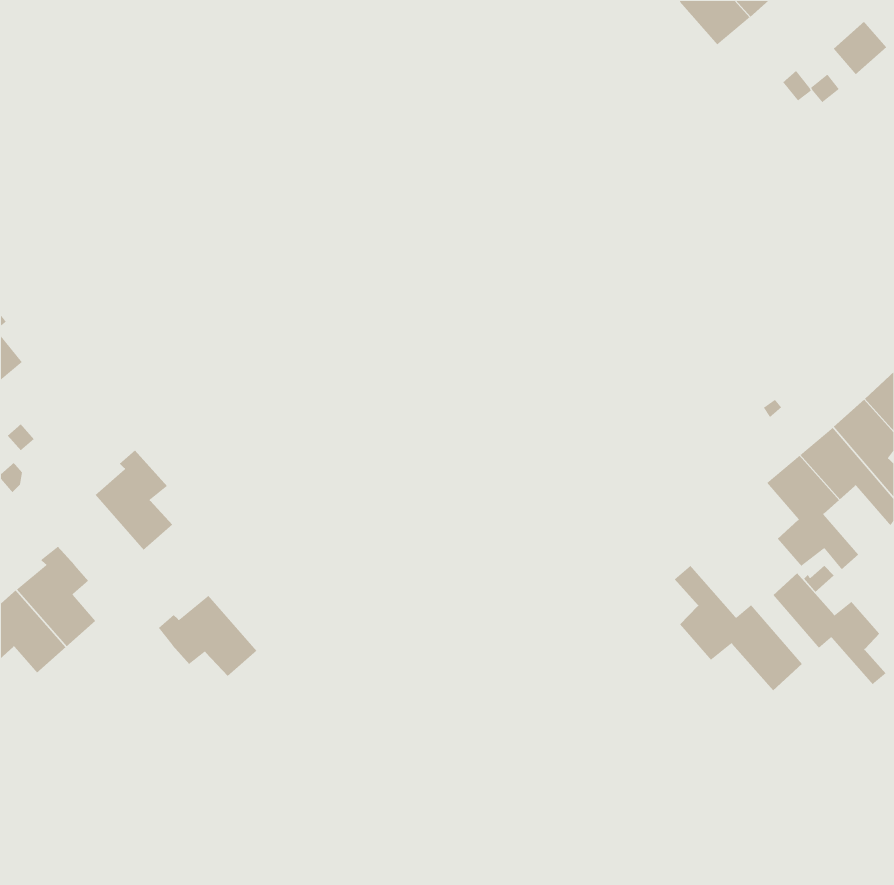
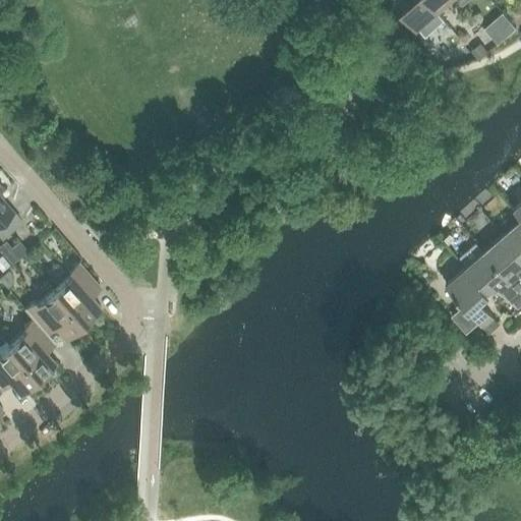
building: [674,565,803,691] -> none
building: [772,572,886,685] -> none
building: [158,595,257,677] -> [25,293,83,341]

